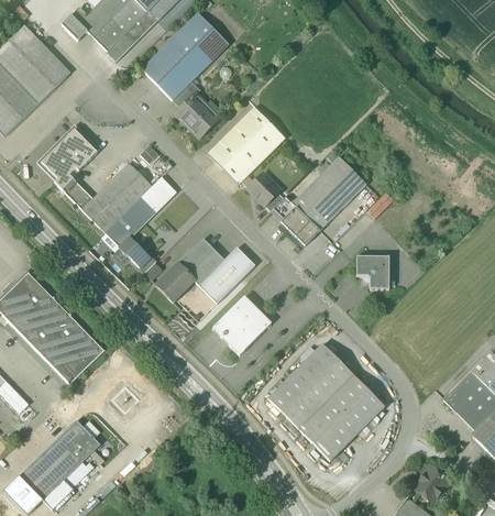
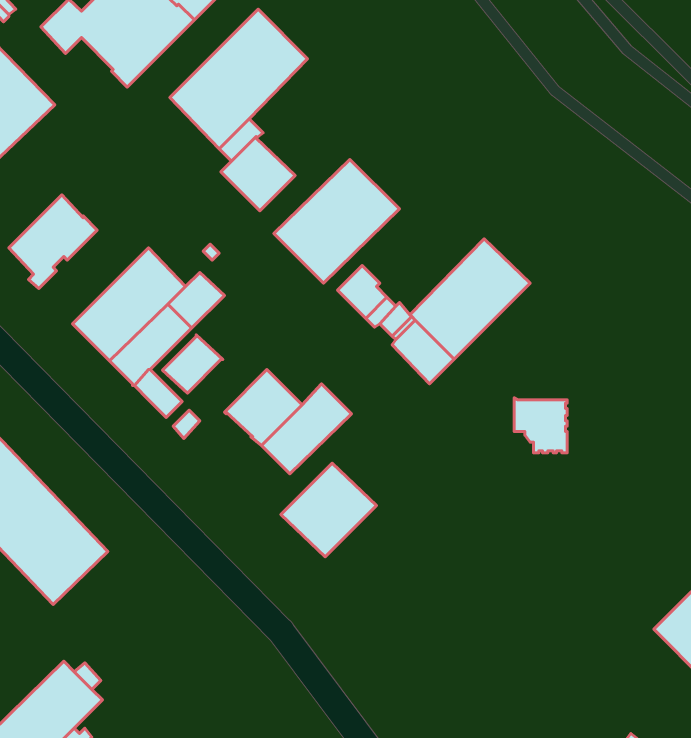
building: [61,176,92,209] -> none
building: [156,264,194,300] -> [163,335,223,393]
building: [267,343,384,460] -> none

